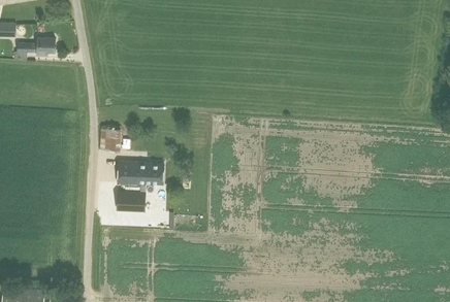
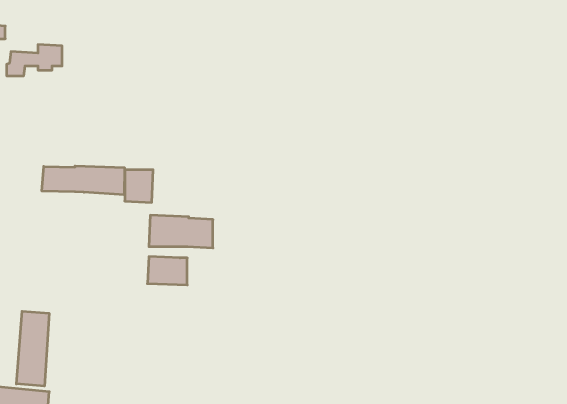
building: none -> [42,166,124,195]
building: none -> [16,311,49,386]

